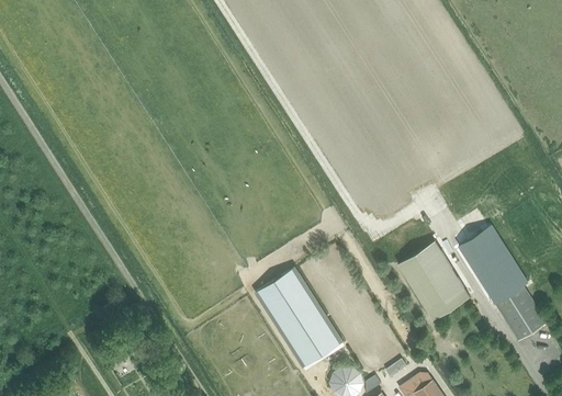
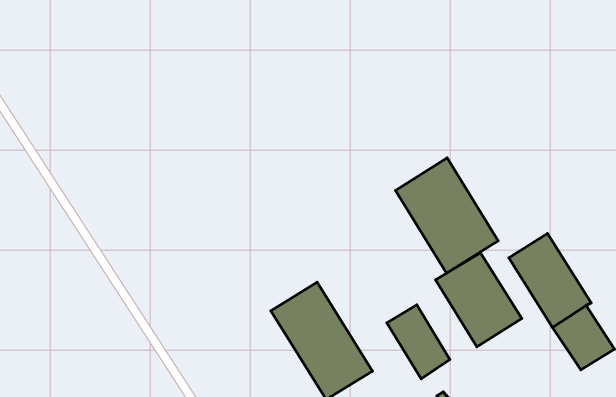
building: none -> [395,158,498,273]
building: none -> [387,305,450,379]

